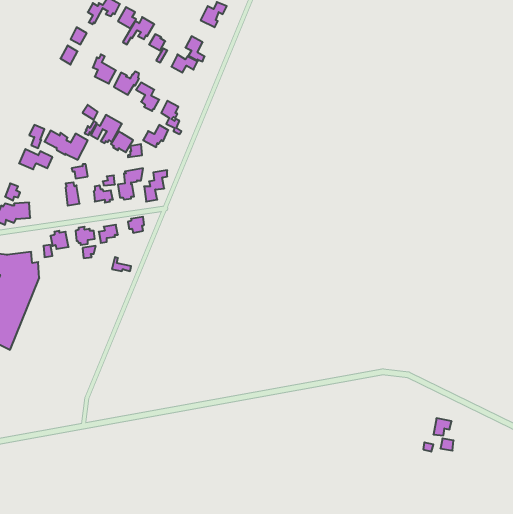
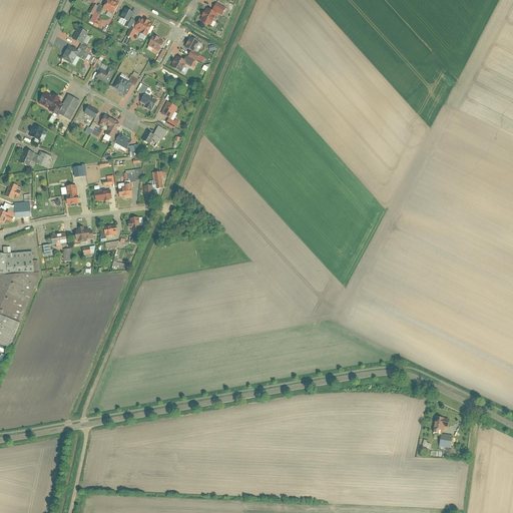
building: [44,131,88,160] -> [38,91,81,120]

